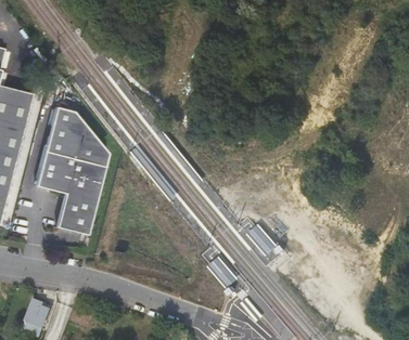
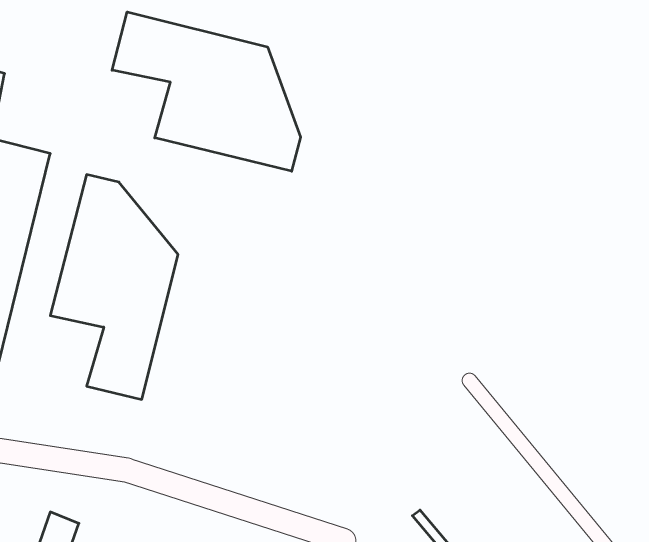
building: none -> [112,12,301,171]

